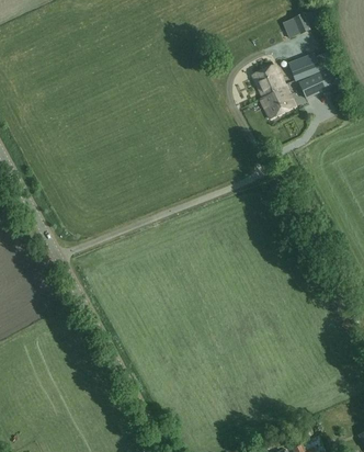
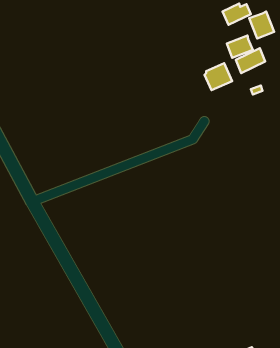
building: none -> [249,11,274,39]
building: [251,65,284,99] -> none

